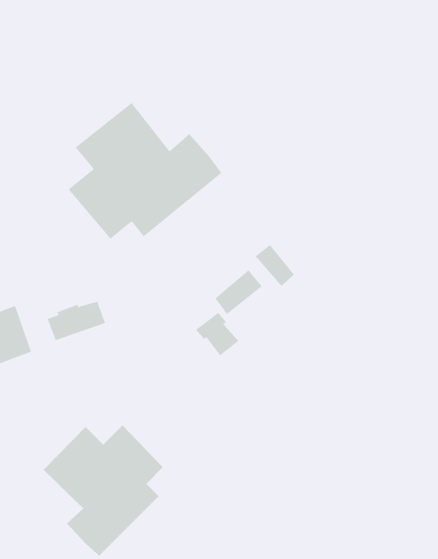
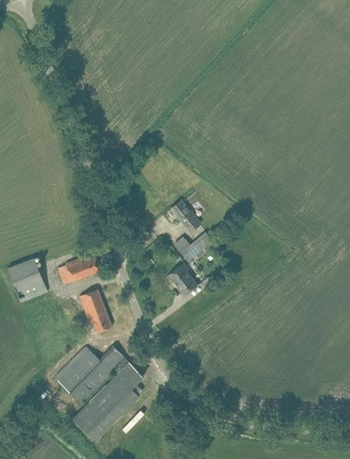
building: [68,102,222,239] -> none
building: [255,244,295,287] -> [170,199,200,231]
building: none -> [79,289,110,332]

